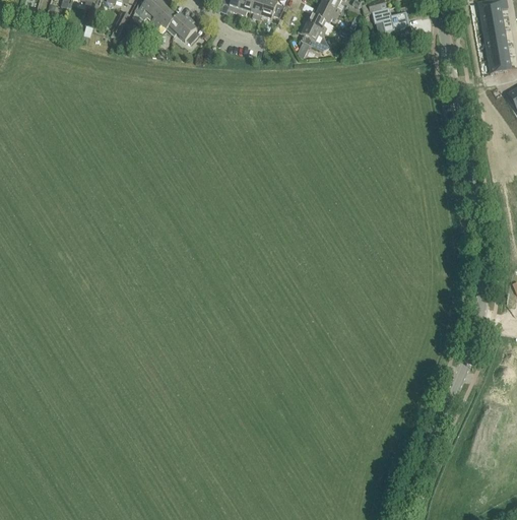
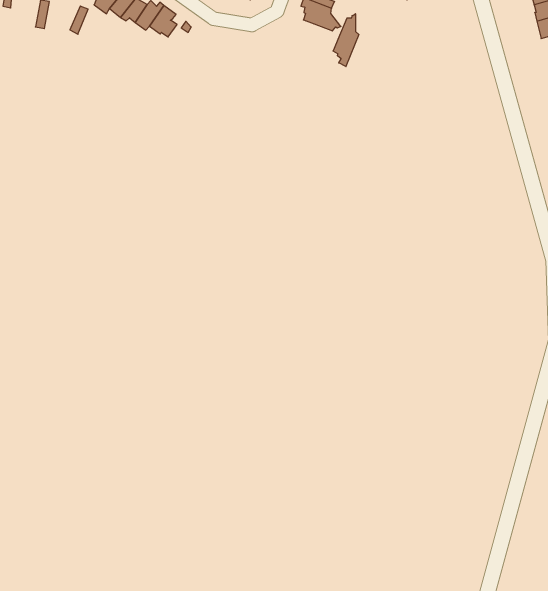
building: none -> [333,14,359,67]

